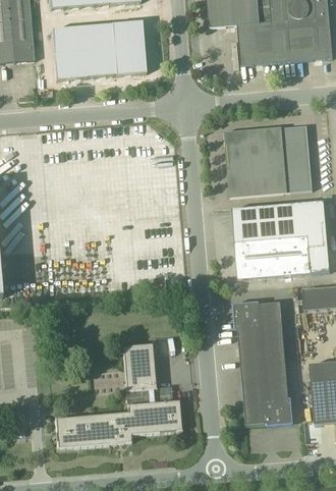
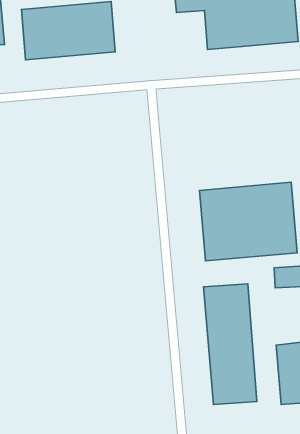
building: [224,124,313,197] -> none
building: [55,343,182,449] -> none

